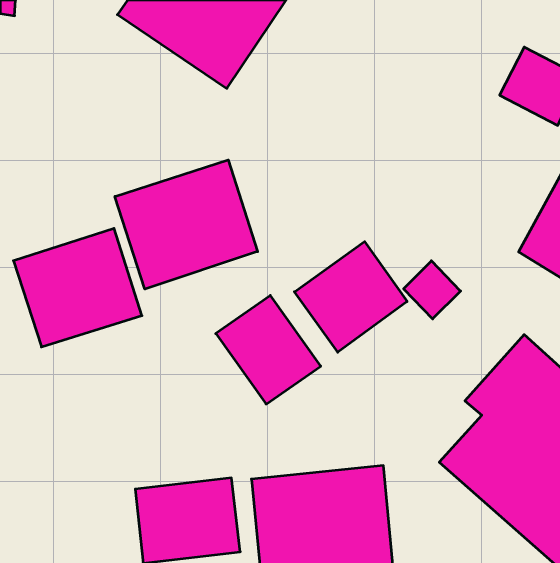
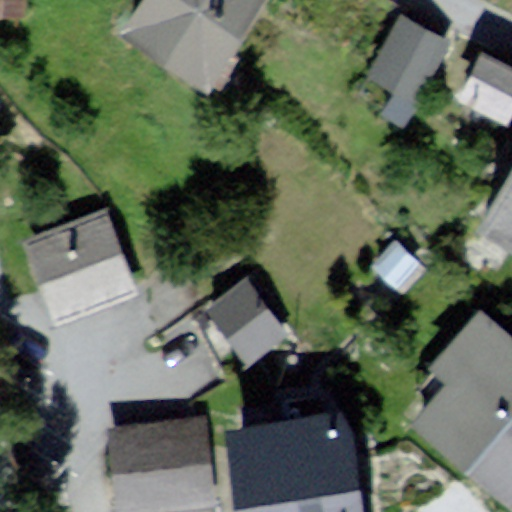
building: none -> [359,15,450,109]
building: [115,160,258,289] -> none
building: [294,242,407,352] -> none

